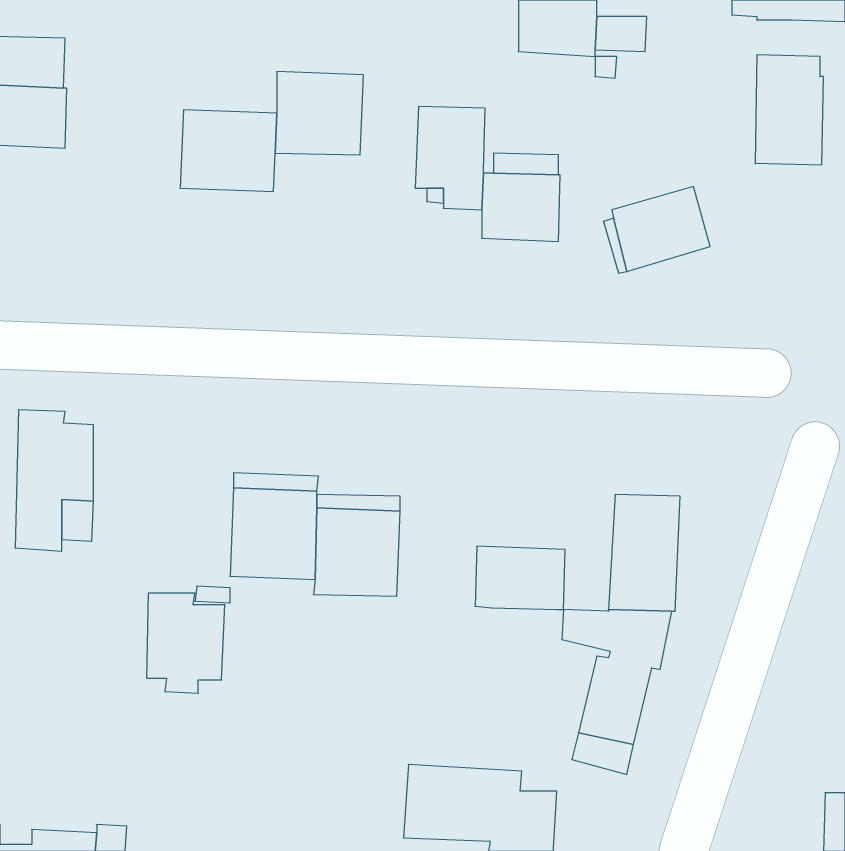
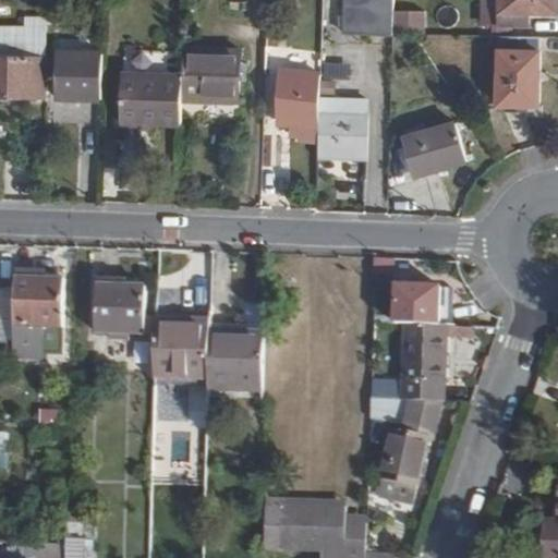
building: none -> [52,51,100,101]
building: [475,546,565,610] -> [391,283,450,325]
building: [147,593,225,693] -> [93,277,144,342]

